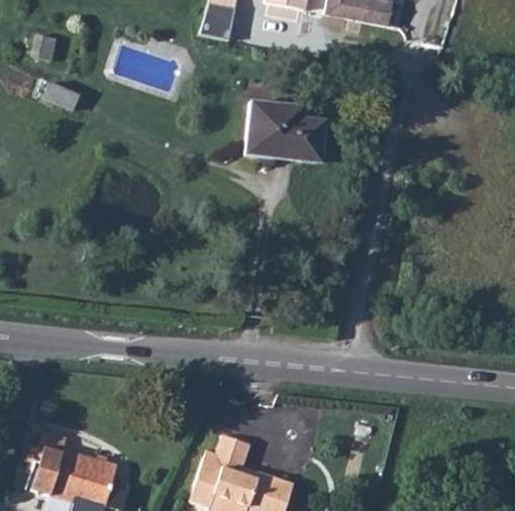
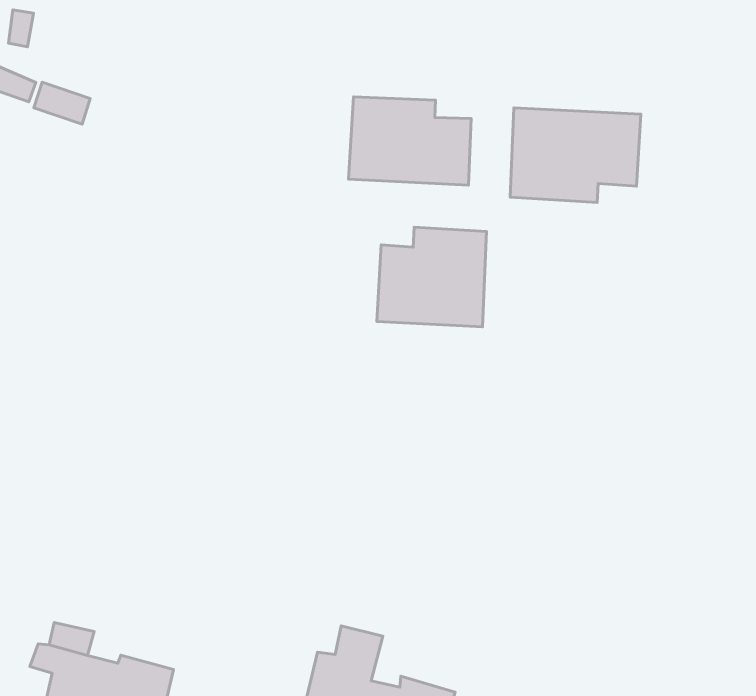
building: none -> [510,108,641,202]
building: none -> [377,227,486,327]

